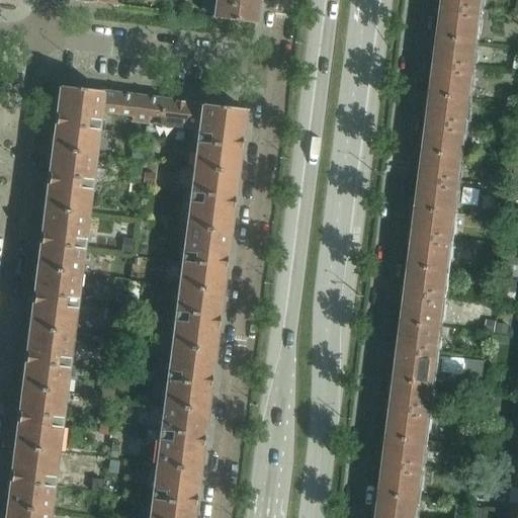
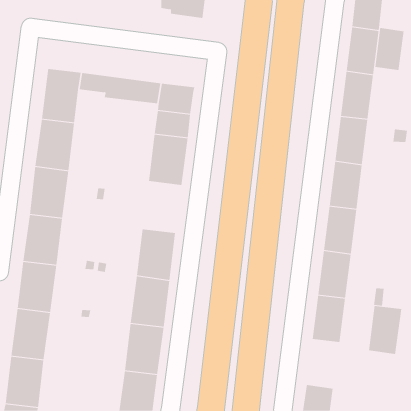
building: none -> [375,27,404,71]
building: [178,228,229,292] -> none
building: [384,426,427,488] -> [368,305,402,355]

